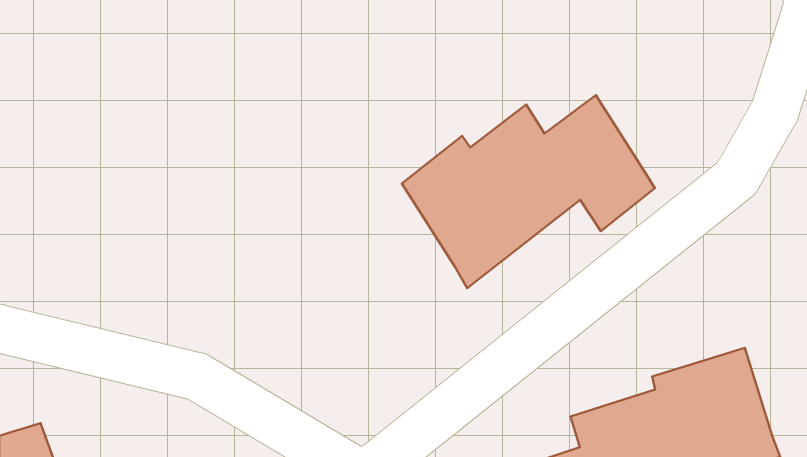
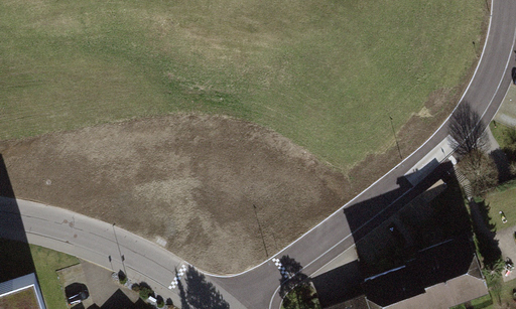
building: [402,95,655,288] -> none

